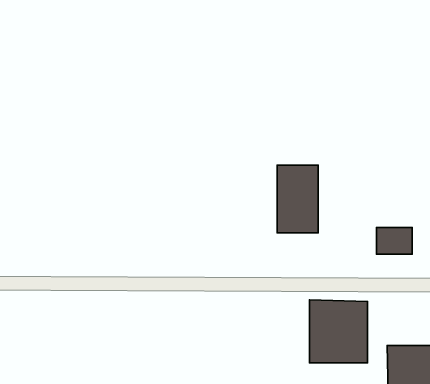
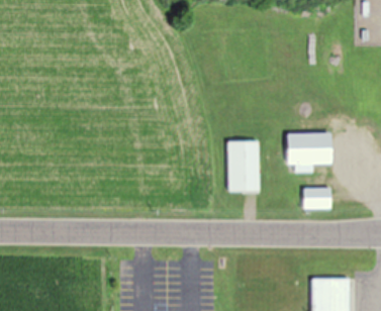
building: none -> [287,132,332,173]
building: [309,300,367,363] -> none

